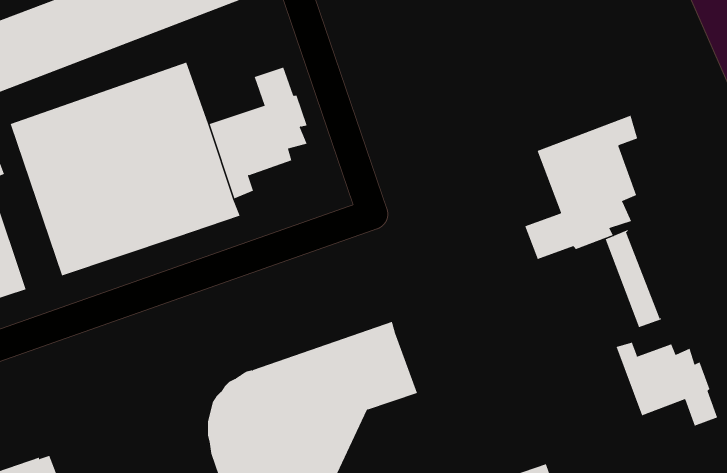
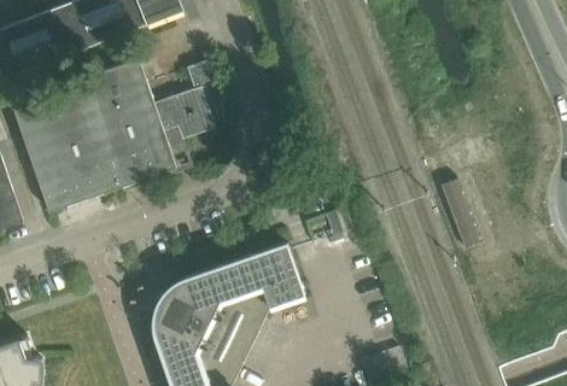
building: [525,115,638,260] -> none
building: [616,342,718,427] -> none

